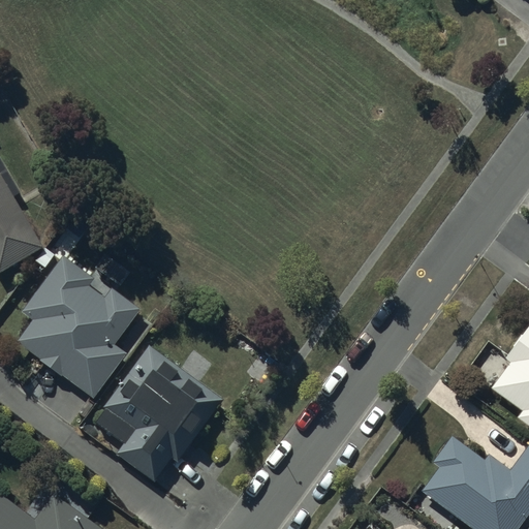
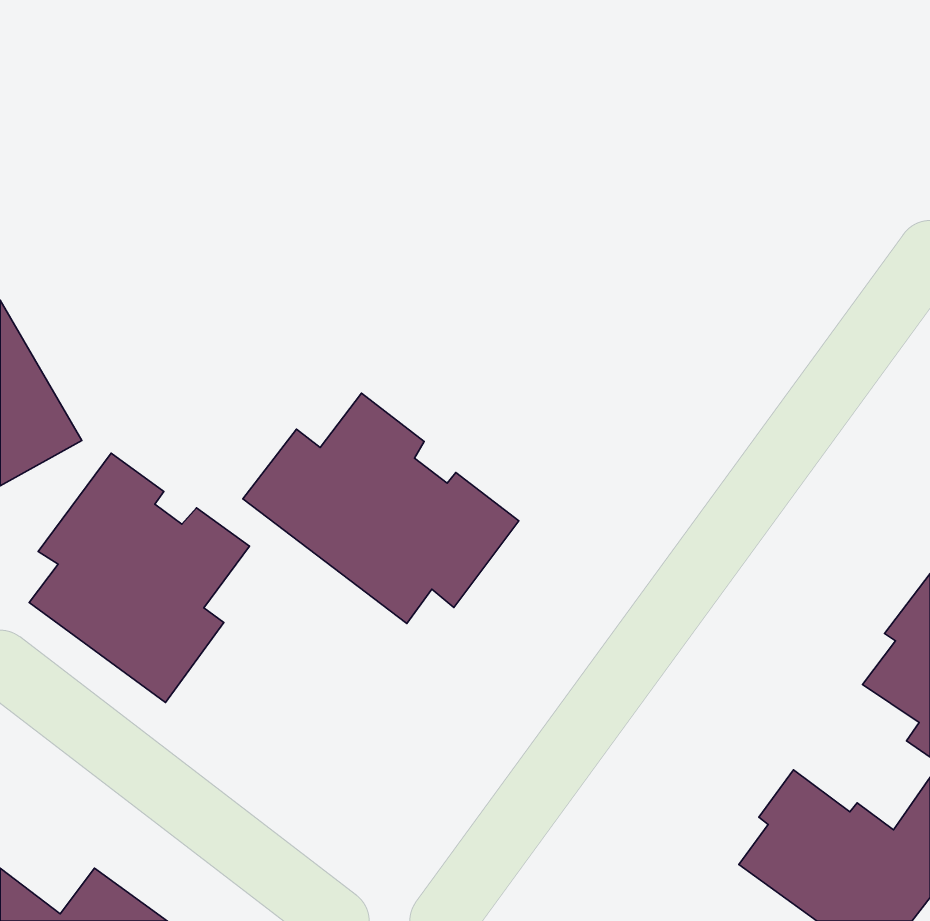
building: none -> [243,393,519,624]
building: [95,345,224,483] -> none

